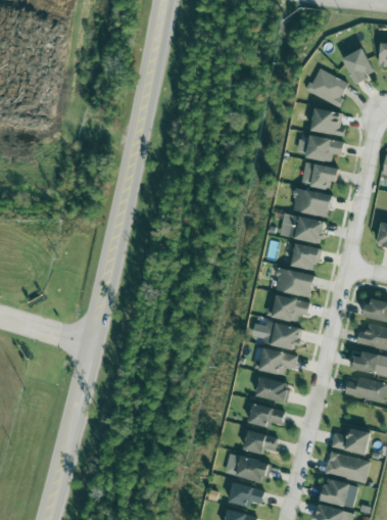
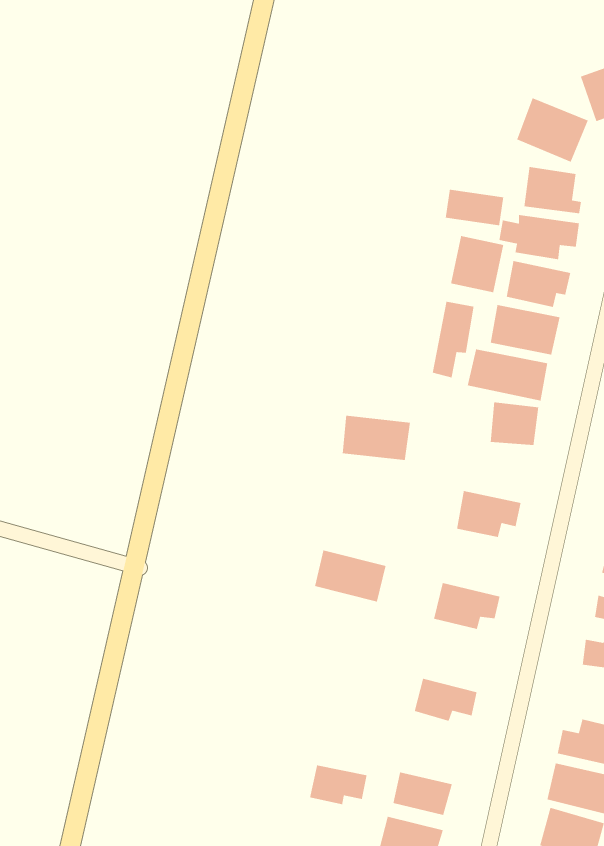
building: none -> [445,189,504,226]
building: none -> [450,235,504,293]
building: none -> [432,301,474,378]
building: [275,270,315,296] -> [342,415,411,461]
building: [261,321,303,351] -> [314,549,387,603]
building: [255,377,290,404] -> none
building: [244,431,278,455] -> [309,764,368,805]

